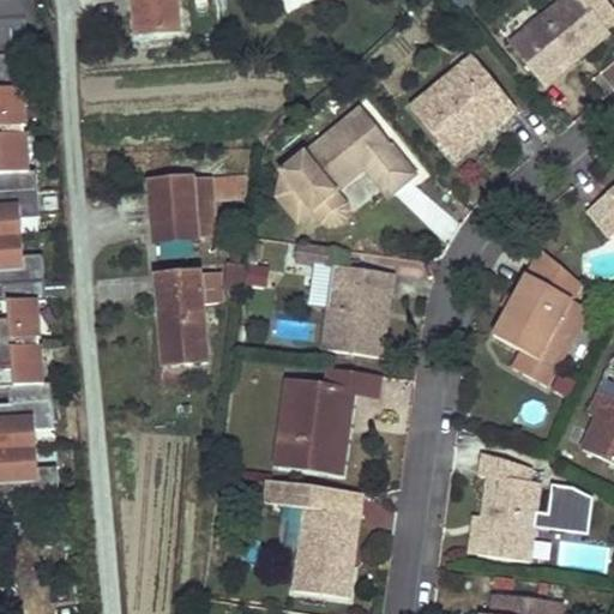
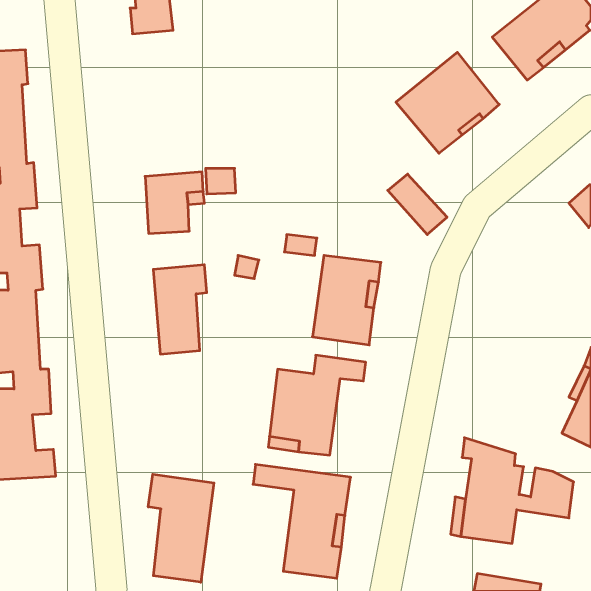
building: [276,107,414,228] -> none
building: [492,248,589,386] -> none
building: none -> [148,474,214,582]

